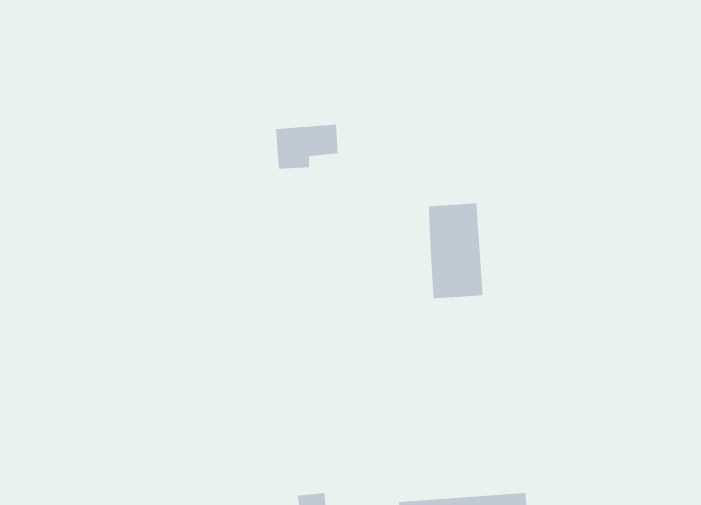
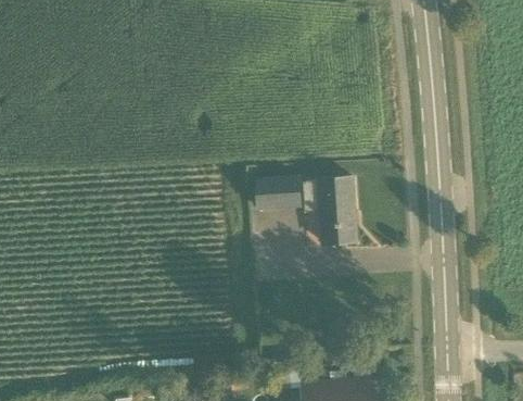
building: [275,124,338,170] -> [257,177,301,209]

